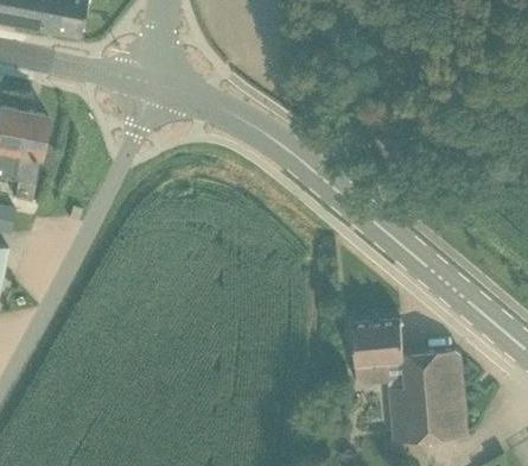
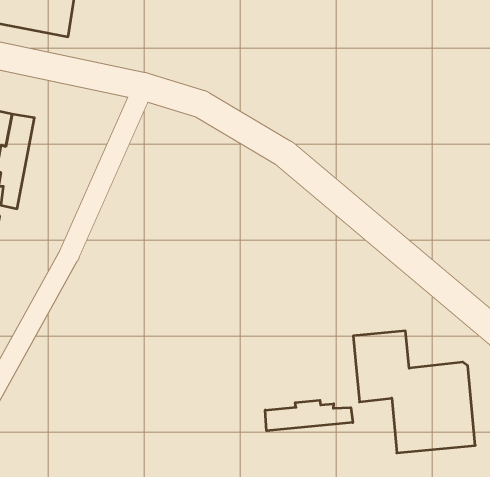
building: none -> [265,400,353,431]

